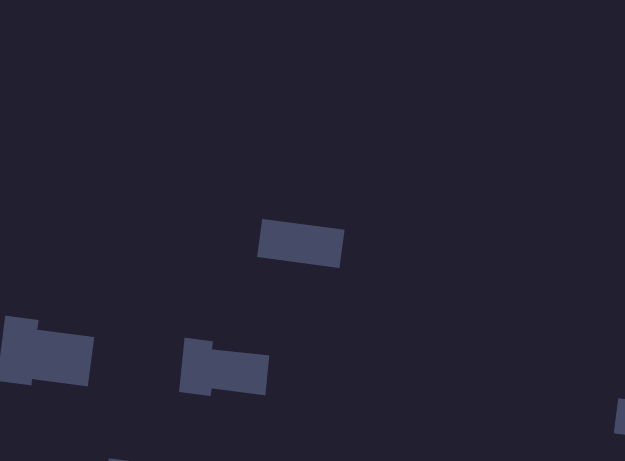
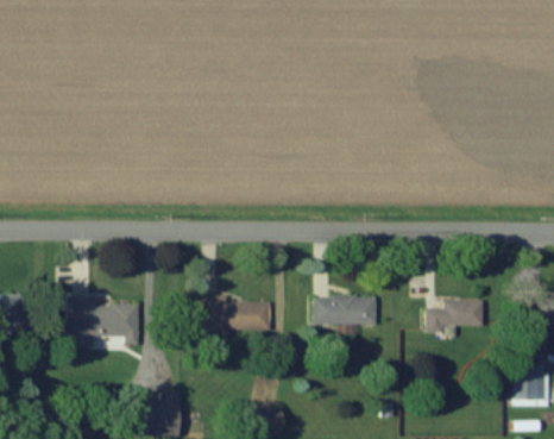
building: [256,218,345,269] -> [314,295,377,325]
building: none -> [426,299,484,331]

